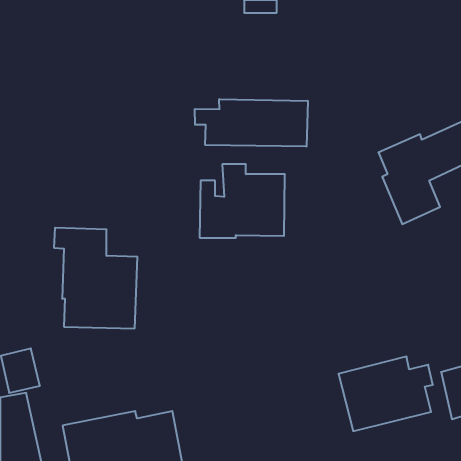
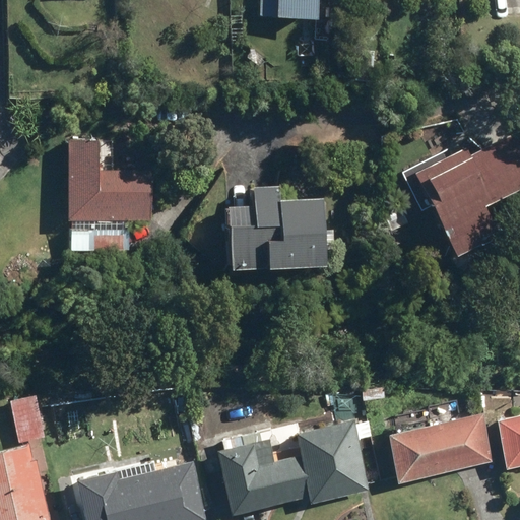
building: [195,99,308,147] -> none
building: [54,228,137,328] -> [59,139,152,252]
building: none -> [218,419,372,514]

